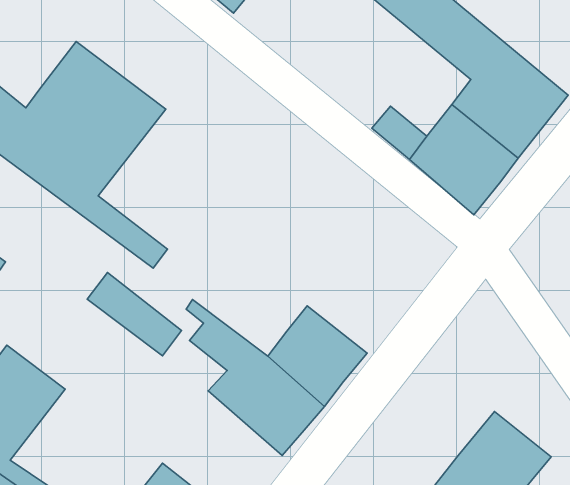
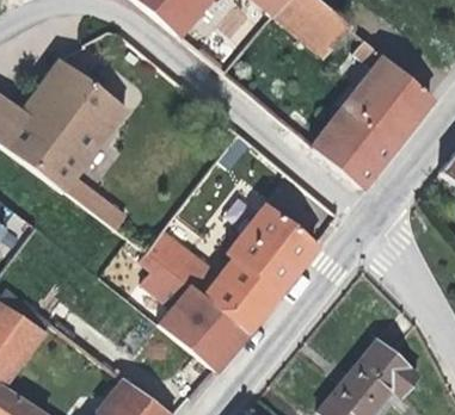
building: none -> [228,208,318,296]
building: [87,272,181,356] -> [148,235,220,298]

